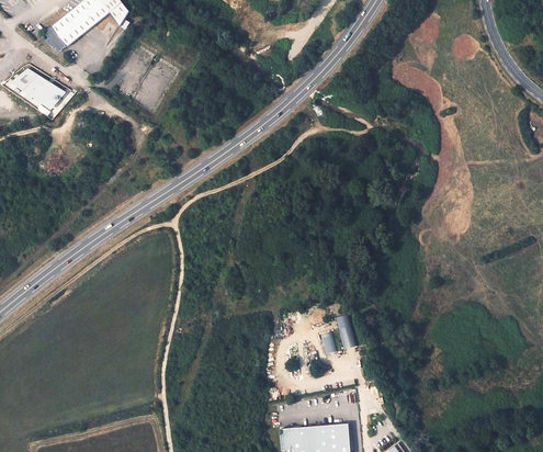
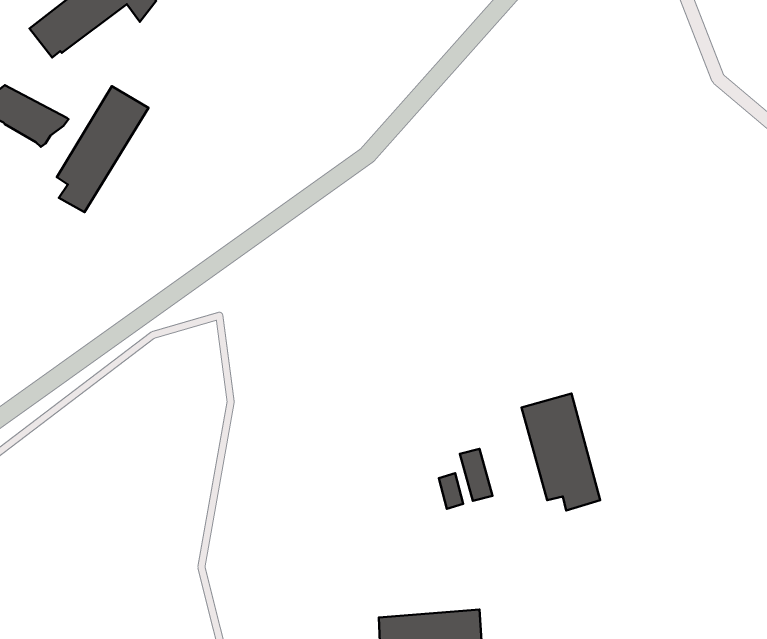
building: none -> [57,86,148,212]
building: none -> [522,394,600,511]

